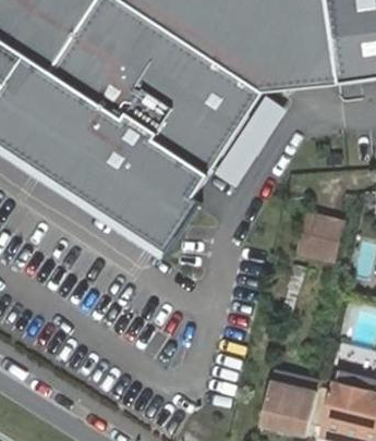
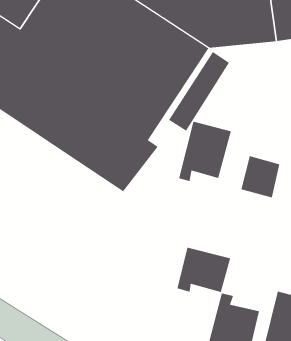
building: none -> [178,121,231,182]
building: none -> [177,247,231,293]

